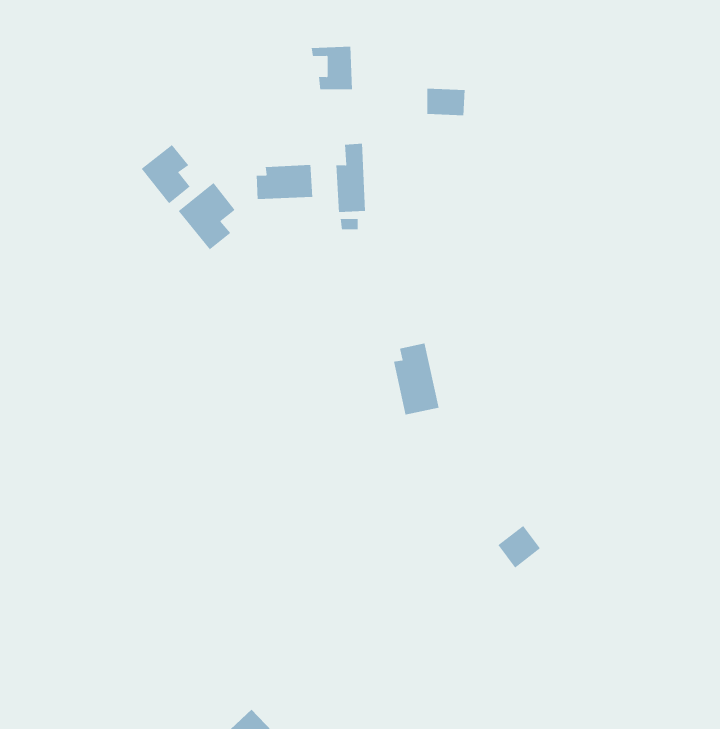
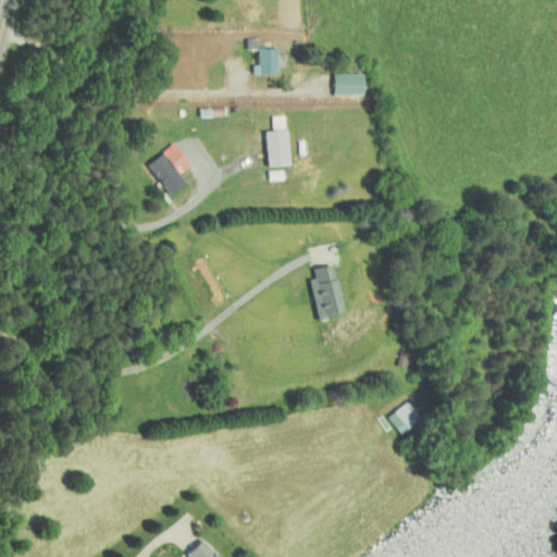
building: [141,144,191,204] -> none
building: [256,164,313,200] -> none

